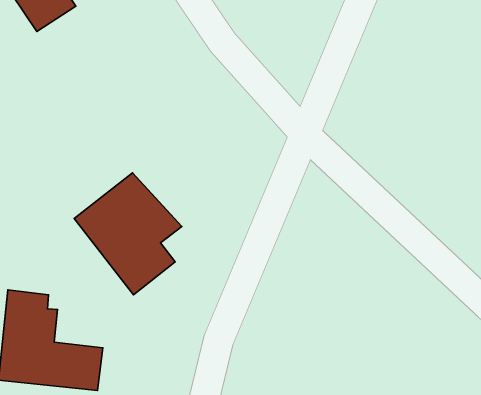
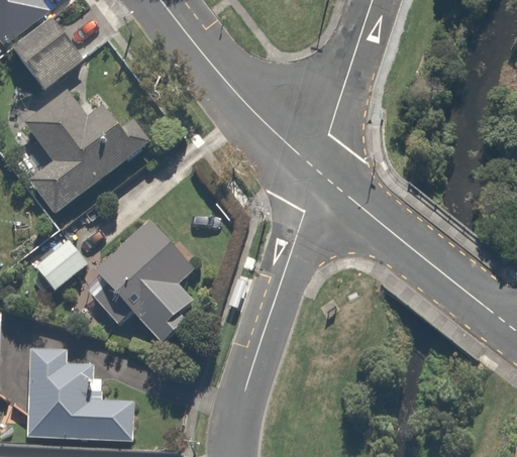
building: none -> [29,94,149,209]
building: none -> [31,236,93,298]

